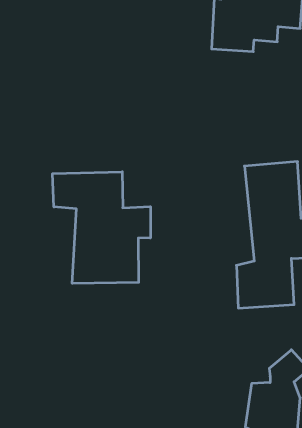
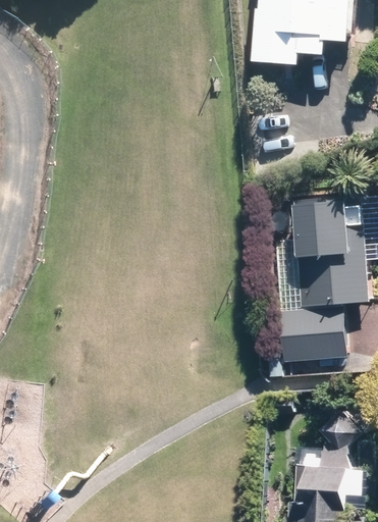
building: [53,172,150,283] -> none

